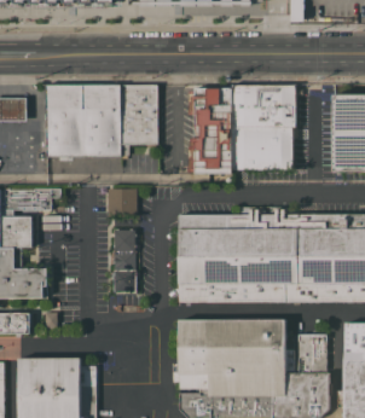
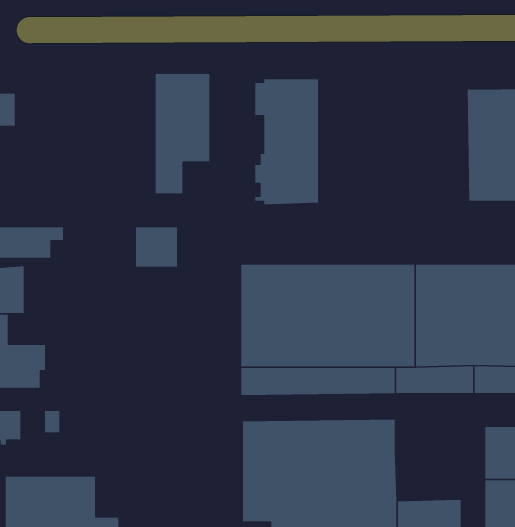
building: [46,83,120,157] -> none
building: [231,83,295,169] -> none
building: [111,227,135,292] -> none
building: [283,333,325,373] -> none

